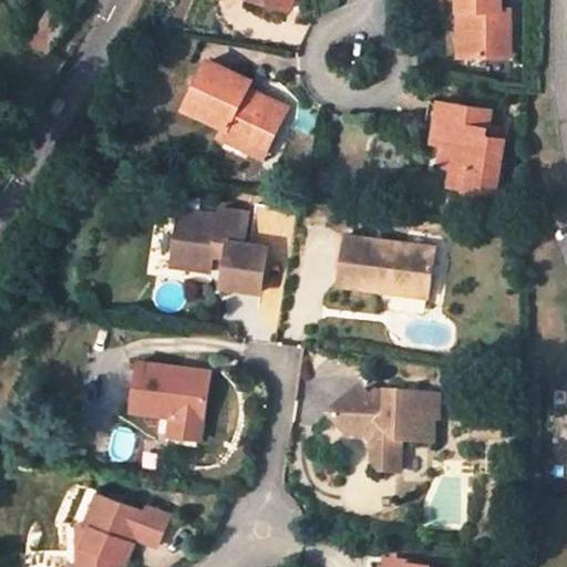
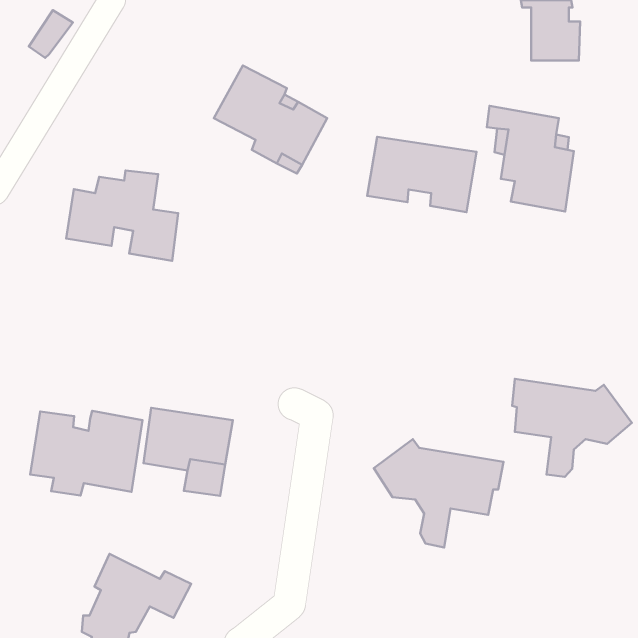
building: [164,207,262,287] -> [66,170,178,261]
building: [340,233,436,299] -> [367,137,477,212]
building: none -> [512,379,632,477]
building: none -> [30,411,142,495]

